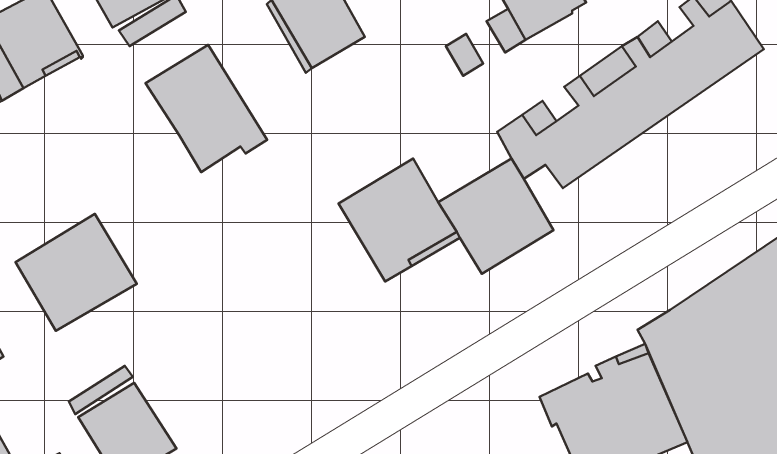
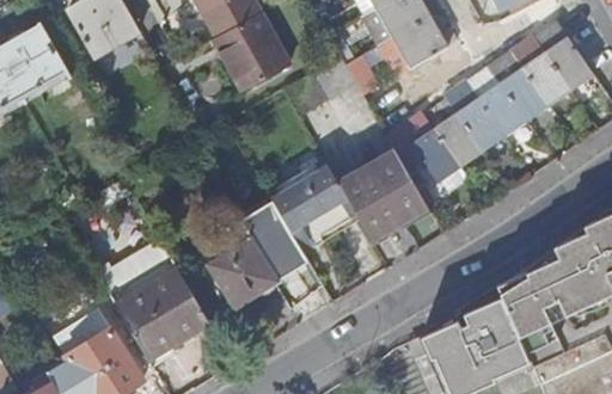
building: [146,45,267,172] -> none
building: none -> [192,172,308,304]
building: [15,214,137,331] -> [117,269,210,358]

